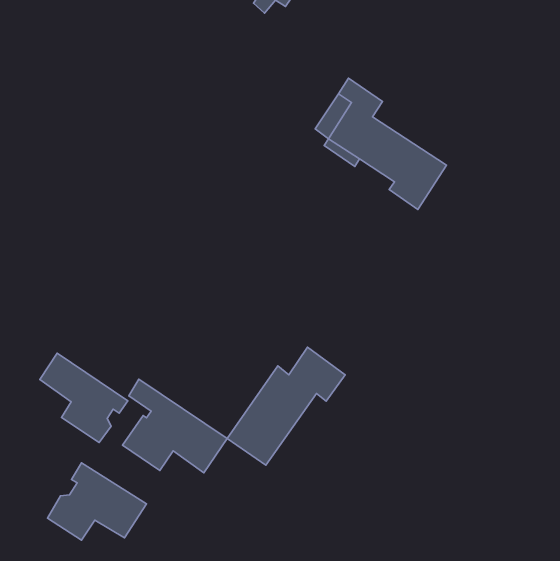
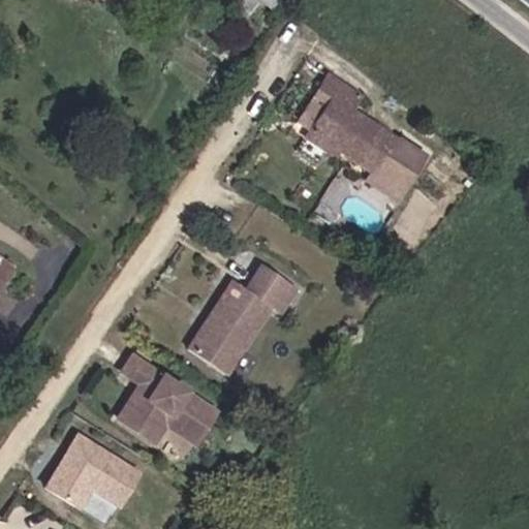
building: [227,347,345,465] -> [188,262,299,373]
building: [40,353,128,443] -> none

